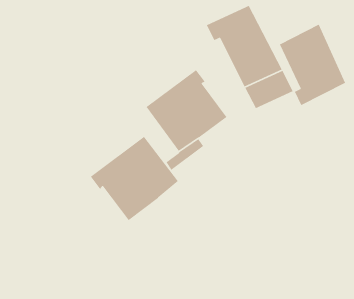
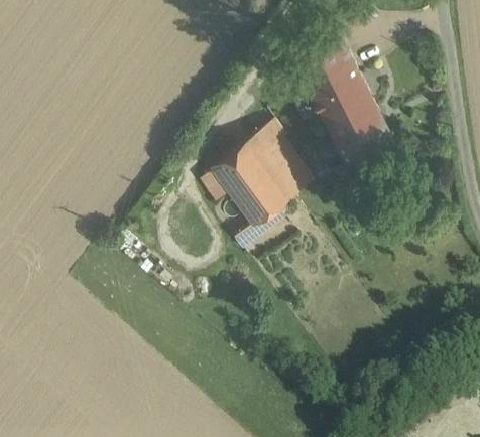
building: [279,24,346,106] -> none
building: [90,136,179,221] -> none

